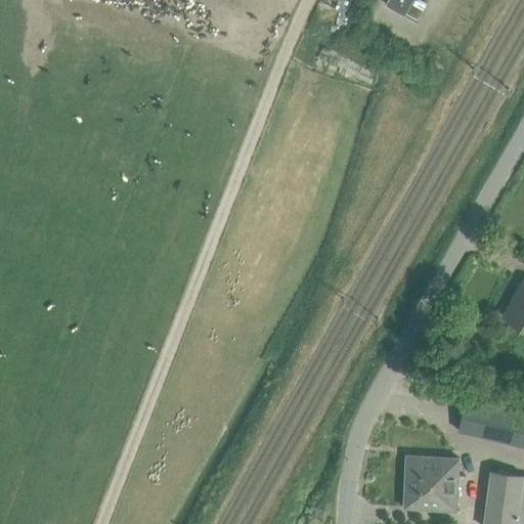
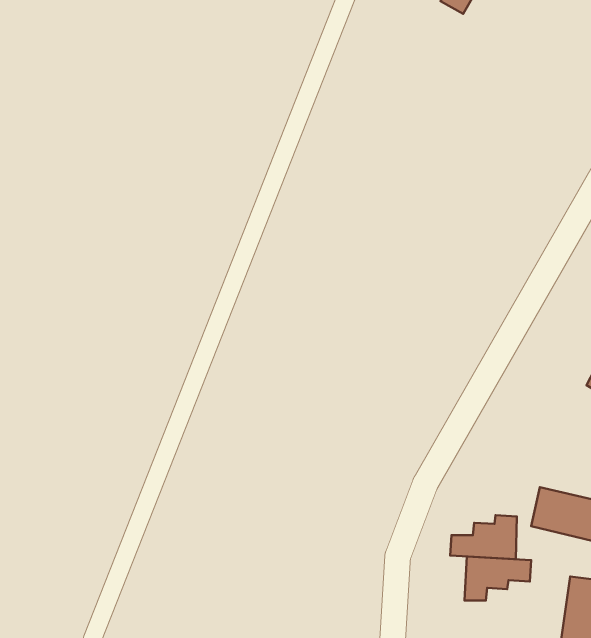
building: [403,475,457,511] -> [450,515,517,559]

